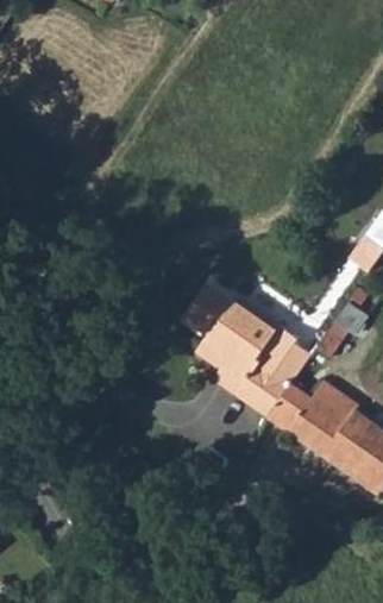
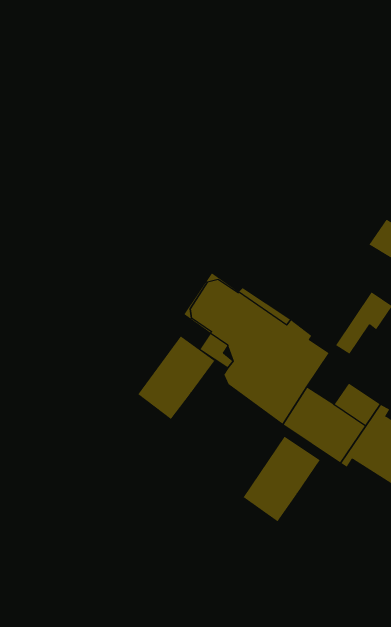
building: none -> [138,335,215,420]
building: none -> [243,436,320,522]

